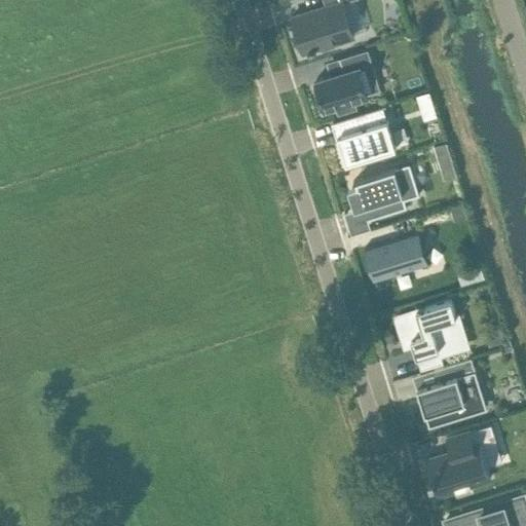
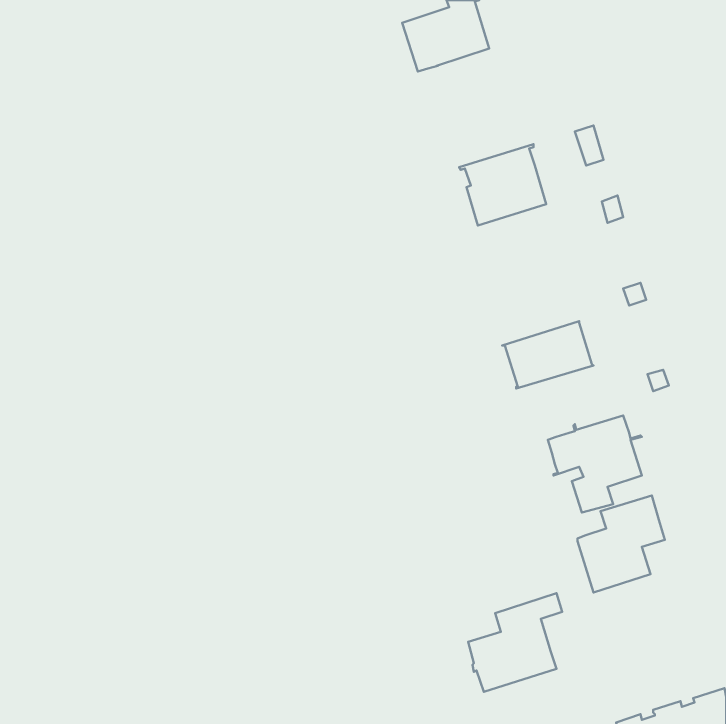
building: [311,52,379,111] -> none
building: [350,167,417,223] -> none
building: [424,427,492,498] -> [468,593,562,692]

